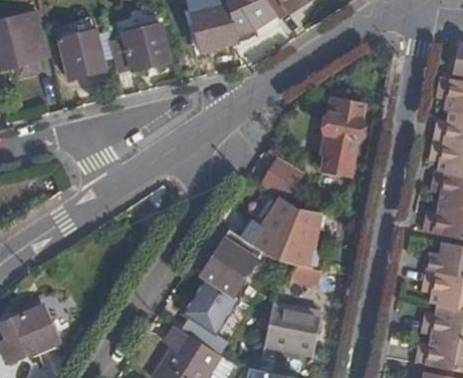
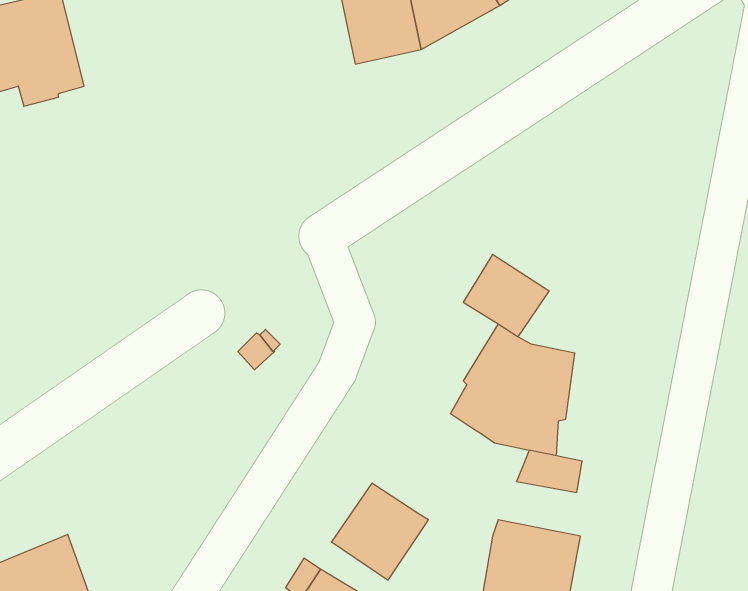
building: [109,22,169,72] -> none
building: [59,29,104,77] -> none
building: [320,96,364,178] -> none
building: [200,230,262,299] -> none

